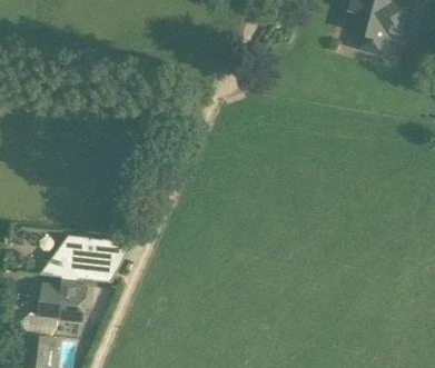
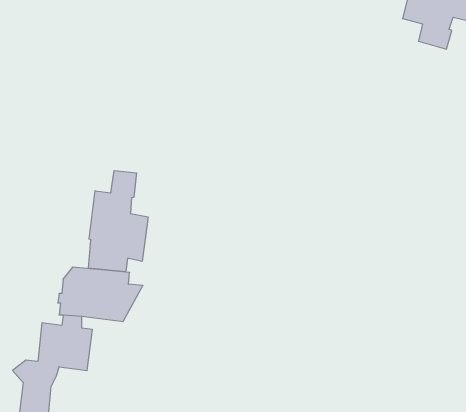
building: none -> [88,171,148,272]

